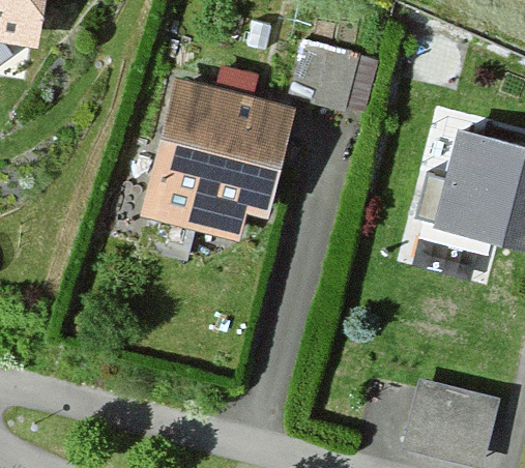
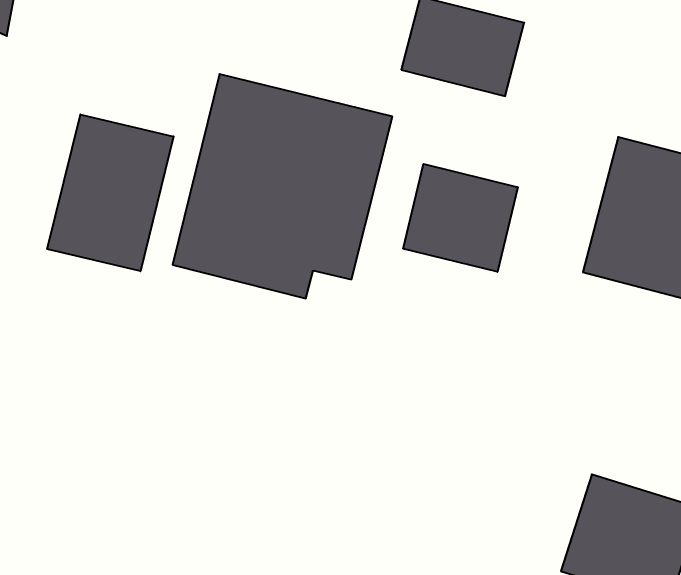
building: none -> [47,114,174,271]
building: none -> [403,164,518,272]

